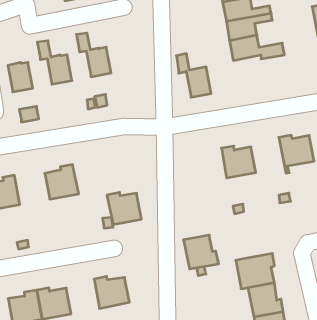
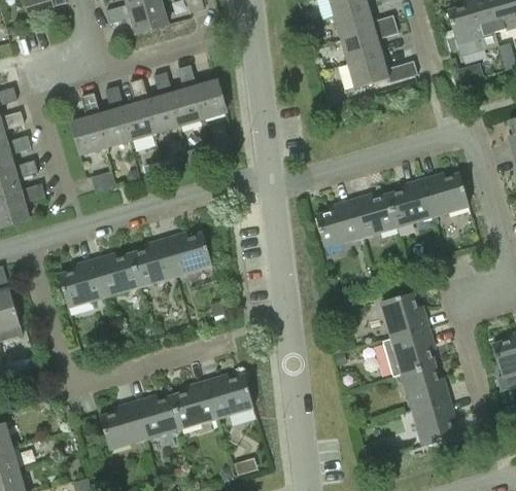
building: none -> [130,79,177,134]
building: none -> [81,93,129,148]
building: [176,54,211,97] -> [178,65,227,119]
building: none -> [387,180,435,227]
building: none -> [315,201,360,248]
building: none -> [93,254,140,296]
building: [107,192,141,224] -> [165,234,211,276]
building: [183,235,219,269] -> [380,292,427,338]
building: none -> [172,382,216,428]

